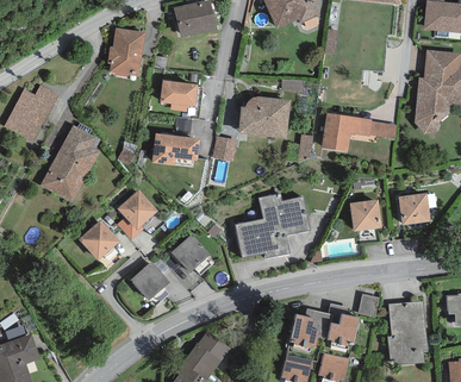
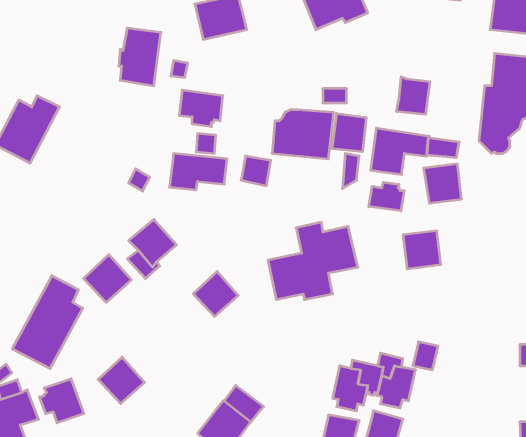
building: none -> [397,77,430,114]
building: none -> [332,113,366,152]
building: [39,124,99,202] -> [12,276,83,369]
building: none -> [369,182,404,211]
building: [398,192,430,225] -> [424,164,462,203]
building: [130,261,169,300] -> [98,357,145,404]
building: [387,300,428,364] -> none
building: none -> [40,379,84,423]

